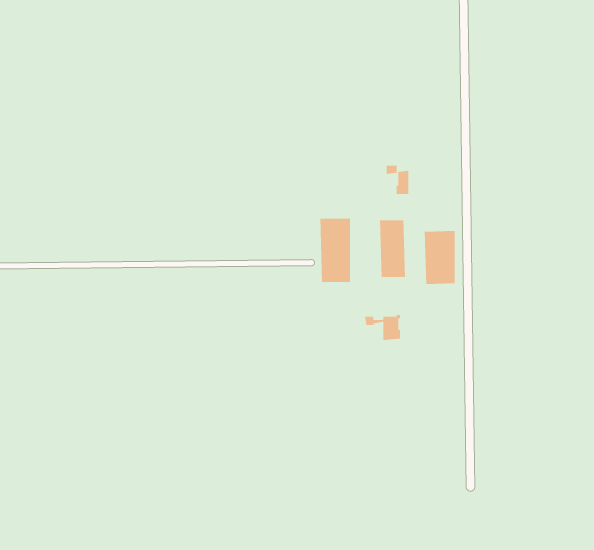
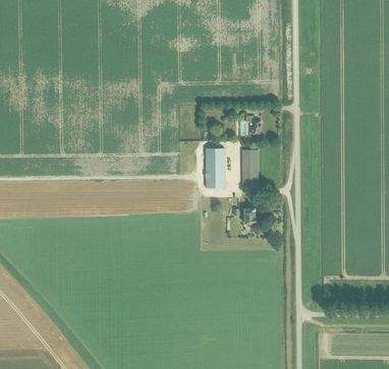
building: [424,230,456,285] -> none

